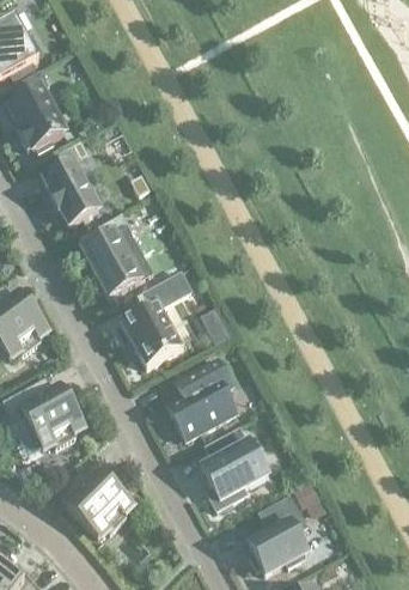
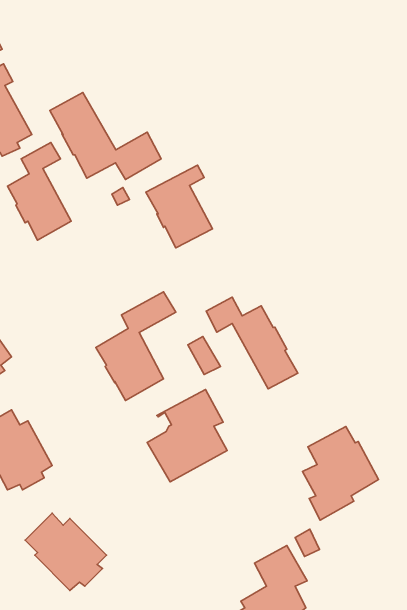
building: none -> [50,93,161,179]
building: [81,224,140,297] -> [146,165,212,248]
building: none -> [206,297,298,389]
building: [201,427,268,510] -> [302,427,378,520]

